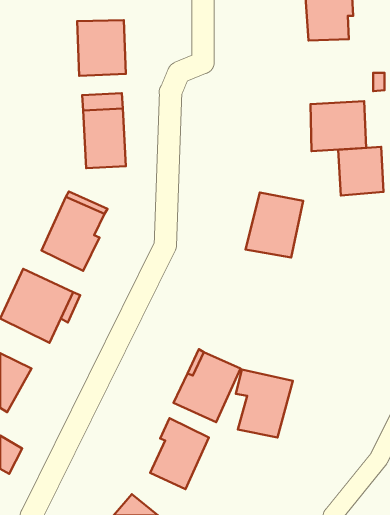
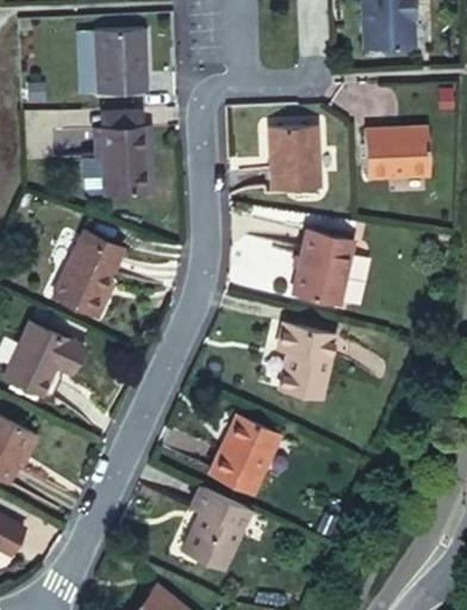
building: none -> [266,123,322,189]
building: [338,147,384,195] -> none
building: [236,370,293,438] -> [274,320,341,400]

